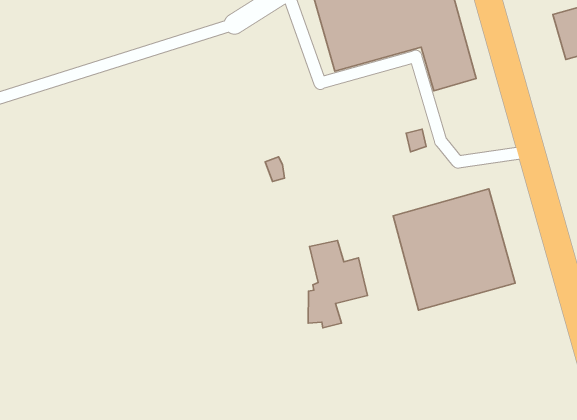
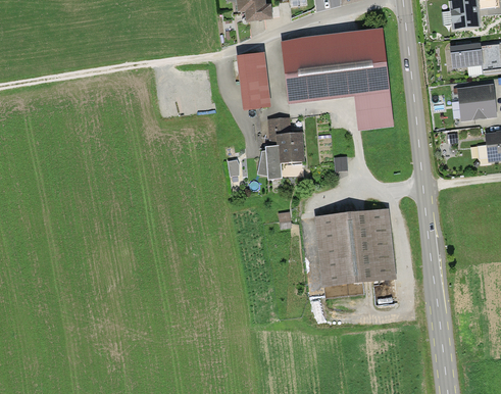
building: none -> [236,51,270,109]
building: [308,241,367,328] -> [257,116,304,179]

